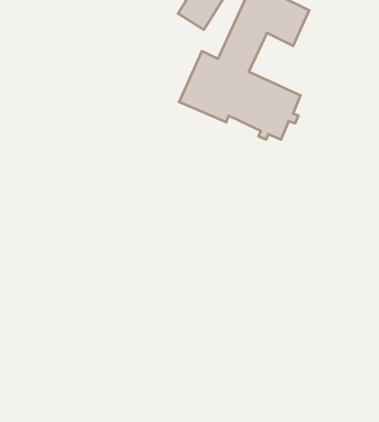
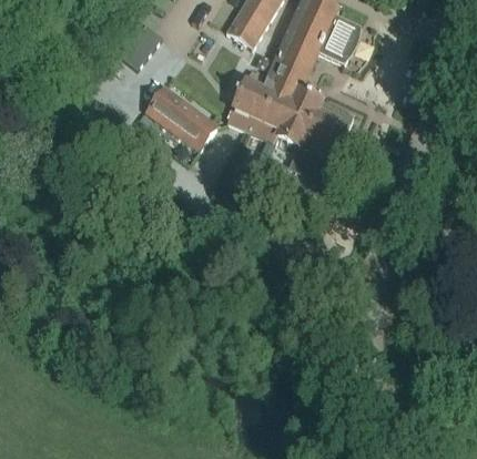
building: none -> [120,23,161,69]
building: none -> [145,86,216,149]

